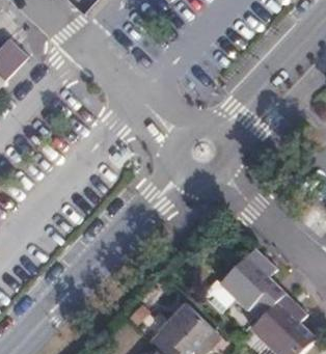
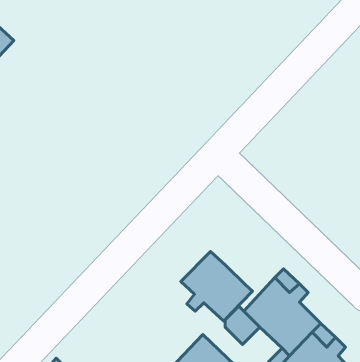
building: none -> [181,252,252,321]

